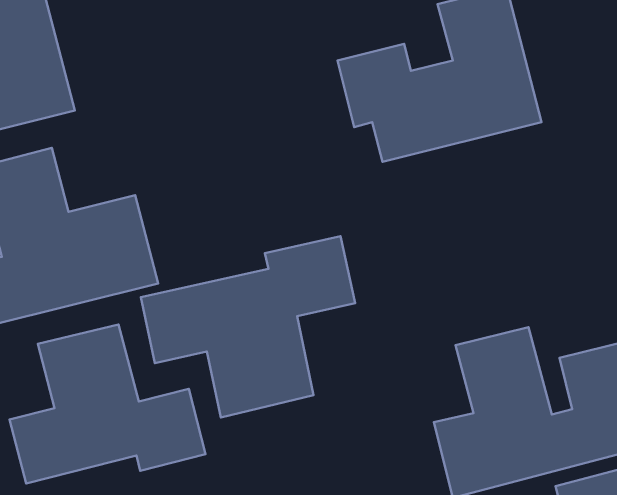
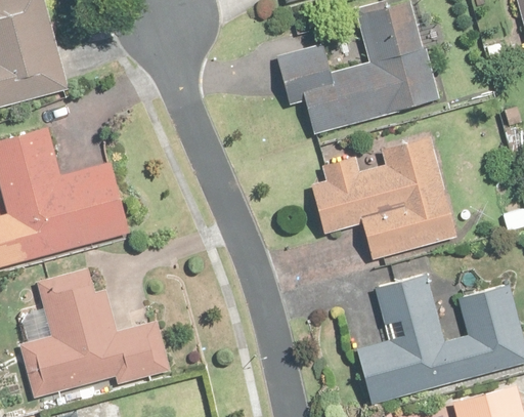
building: none -> [304,130,456,260]
building: [141,236,355,417] -> none

